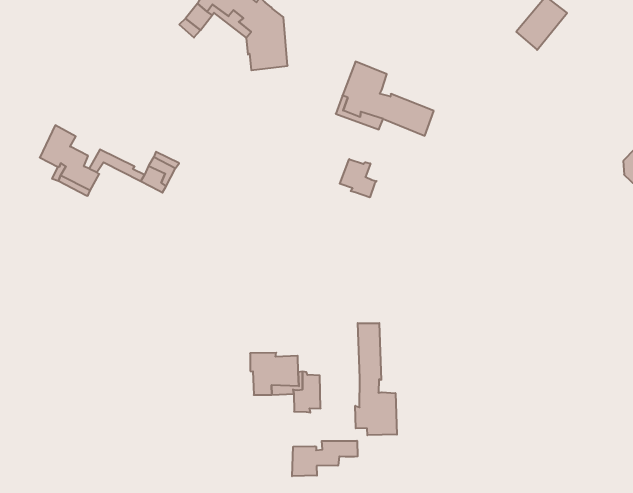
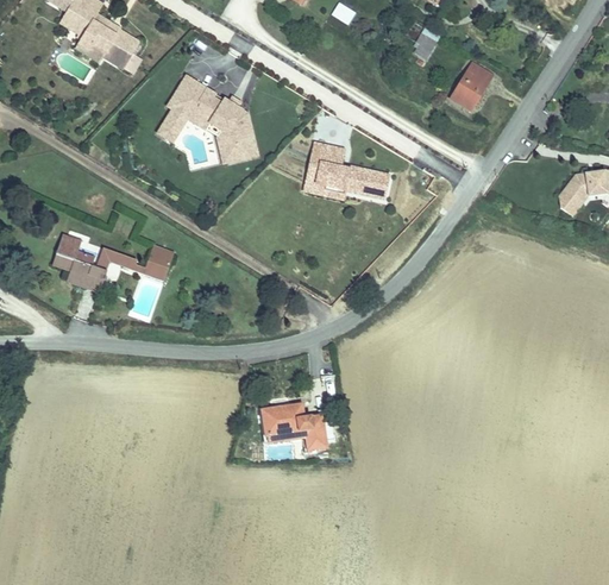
building: [340,159,377,197] -> none
building: [355,323,397,435] -> none
building: [292,441,358,476] -> none

